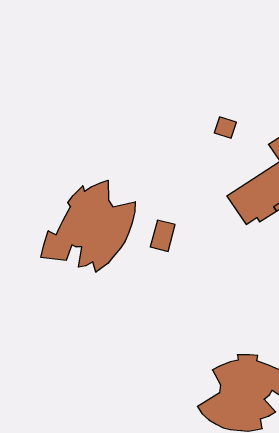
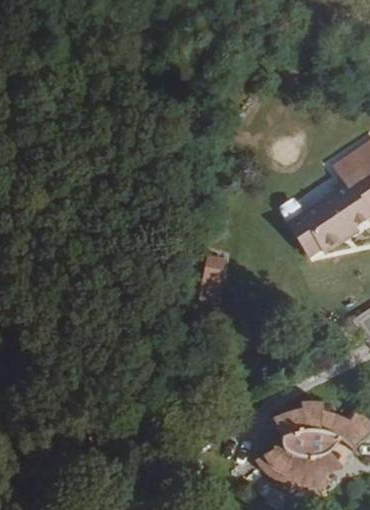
building: [41,180,135,272] -> none

